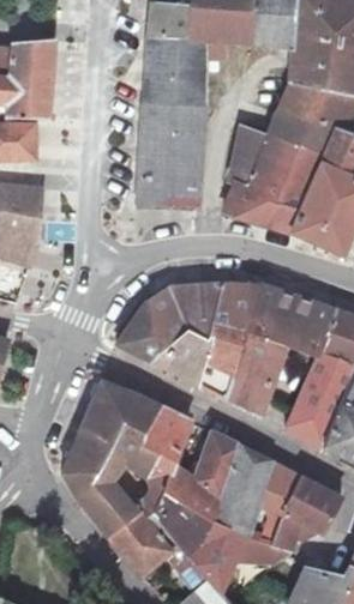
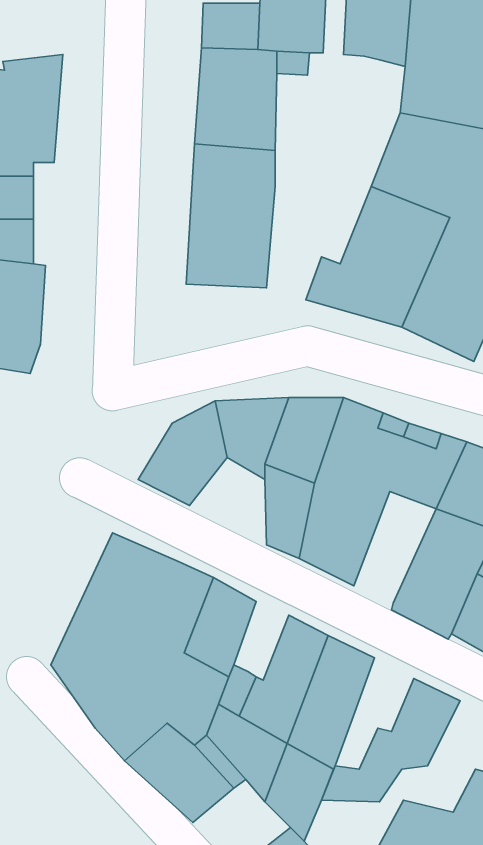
building: [229,127,271,187] -> none
building: [144,322,198,383] -> none
building: [258,463,301,514] -> none

